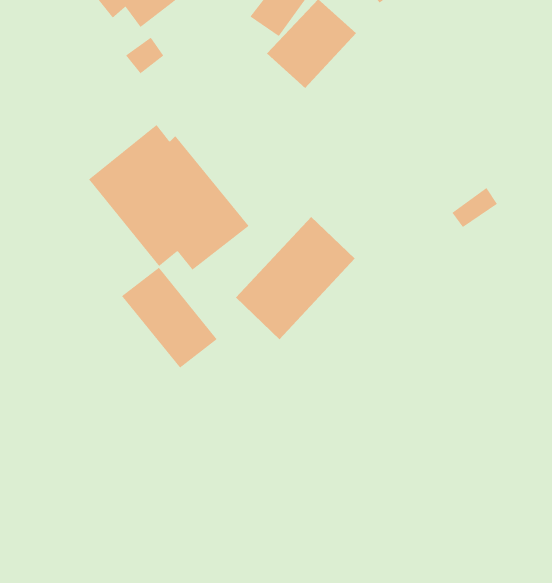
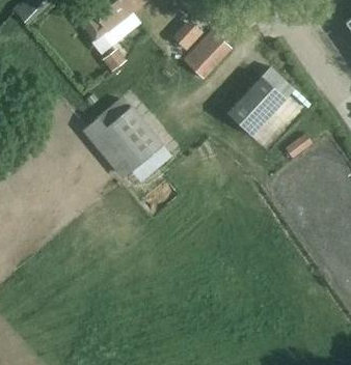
building: [235,216,356,340] -> [228,66,296,136]
building: [121,267,218,368] -> none

